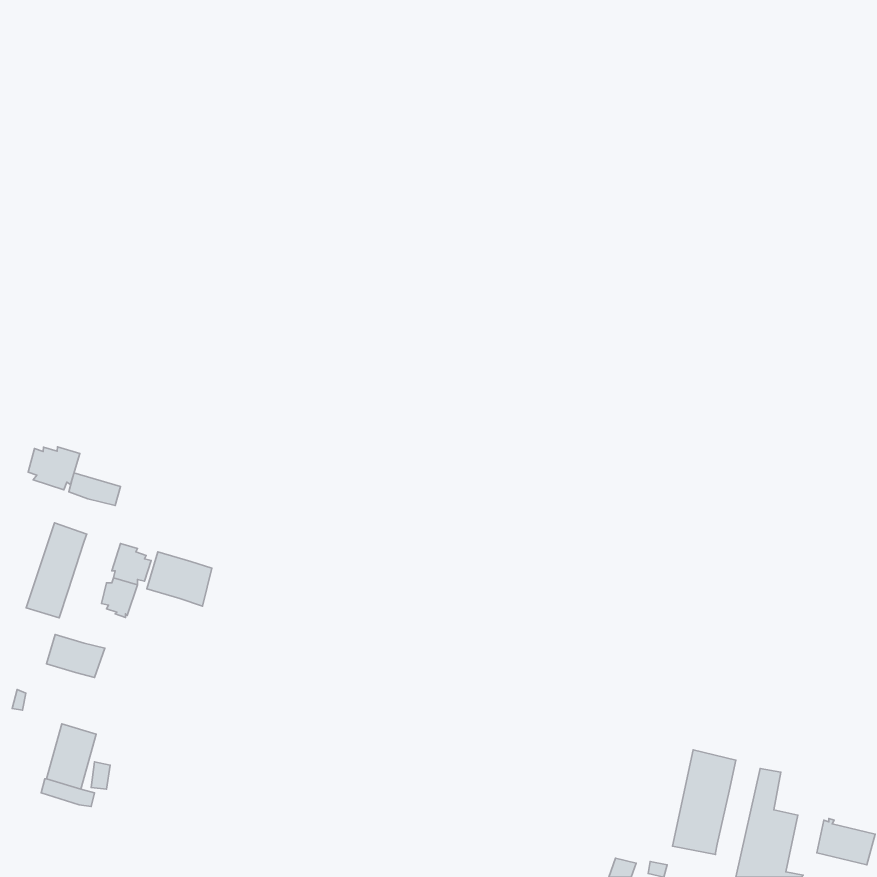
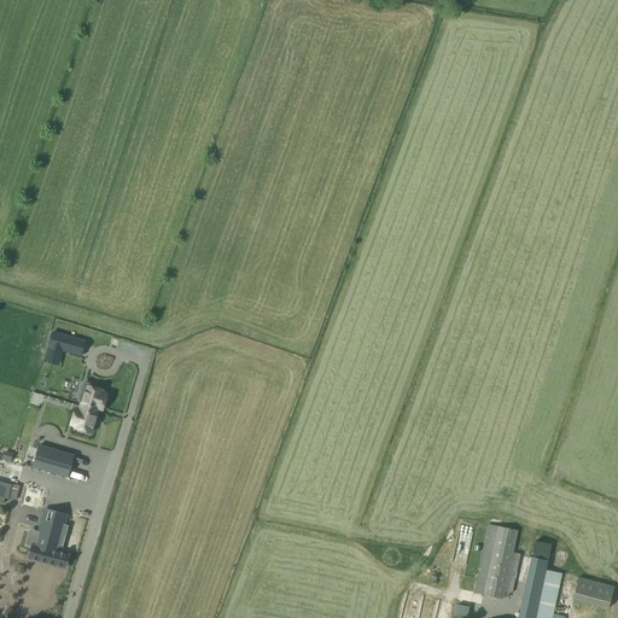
building: [28,447,80,490] -> none
building: [26,523,87,618] -> none
building: [147,552,212,606] -> none

